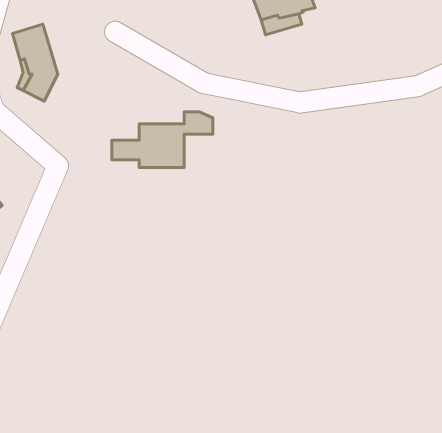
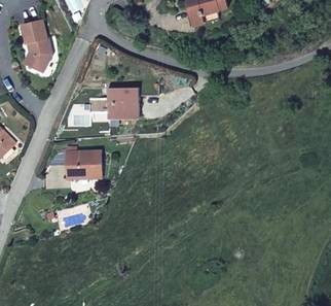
building: none -> [66,150,100,178]

